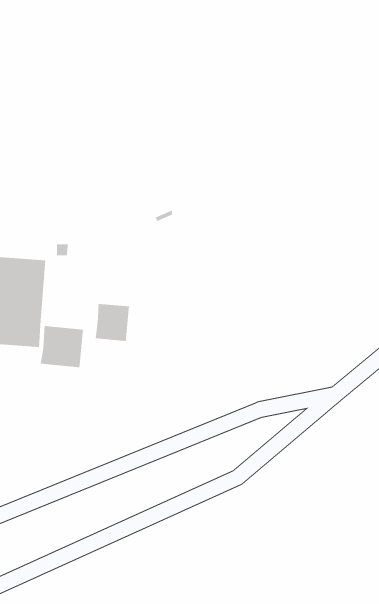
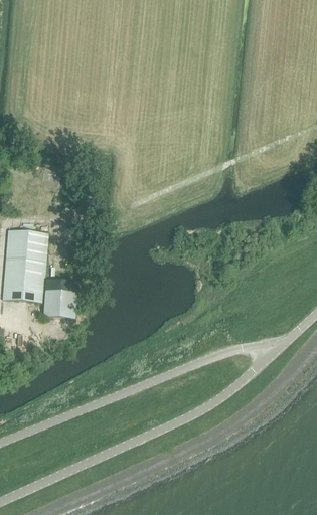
building: [95,303,130,342] -> none

